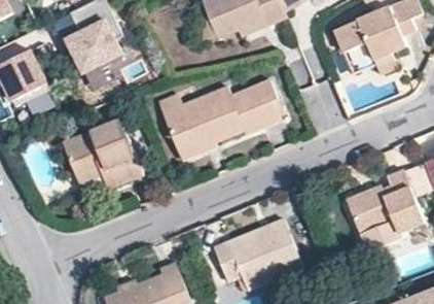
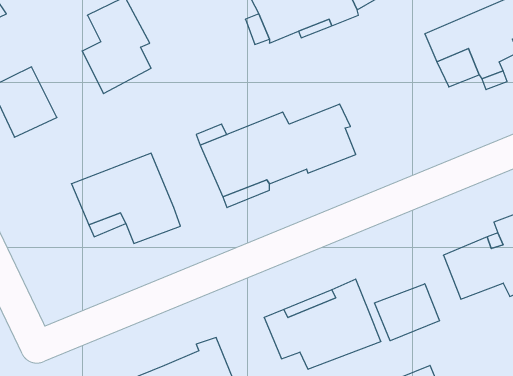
building: none -> [375,284,439,341]

